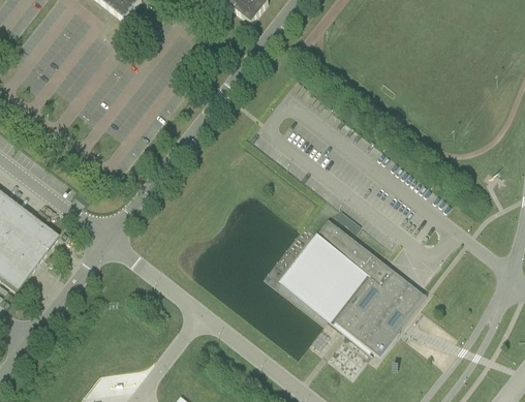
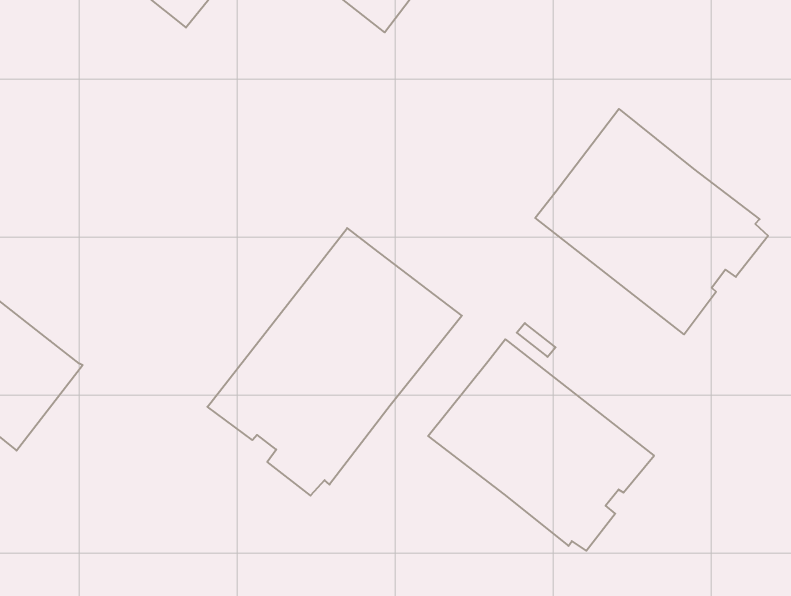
building: none -> [535,109,768,334]
building: none -> [207,228,462,496]

